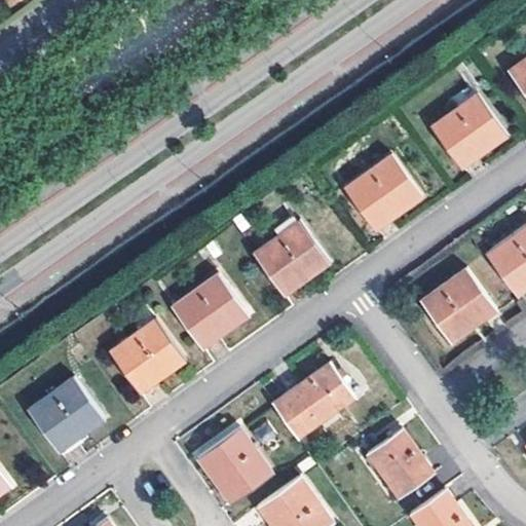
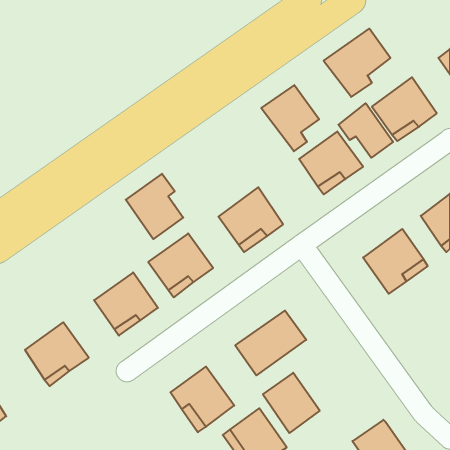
building: none -> [324,29,390,97]
building: none -> [261,85,319,151]
building: none -> [338,103,393,158]
building: none -> [126,174,183,239]
building: [367,429,433,499] -> [263,373,320,433]

